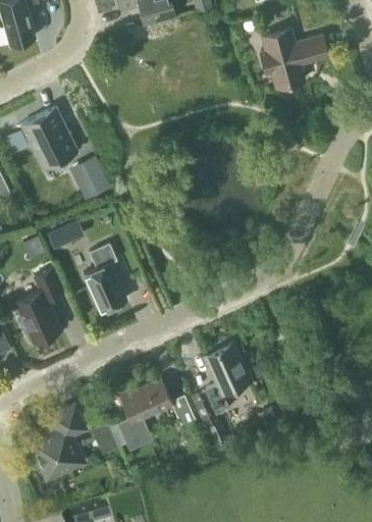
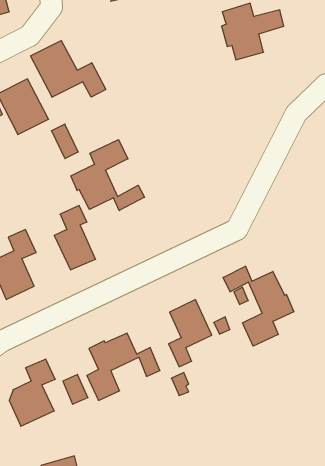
building: none -> [31,41,106,97]
building: none -> [71,140,145,211]
building: [49,221,86,248] -> none
building: none -> [223,266,294,346]

